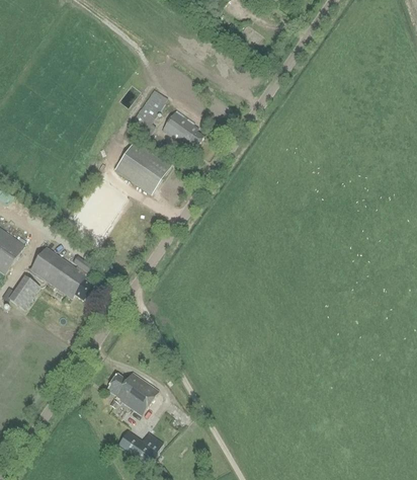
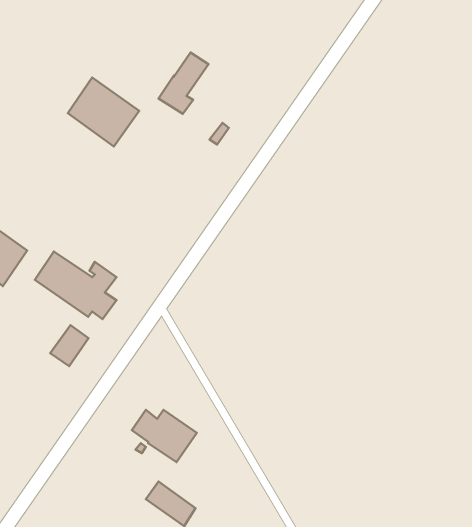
building: [162,109,204,152] -> none
building: [114,140,171,194] -> [68,78,139,146]
building: [7,275,37,308] -> [50,325,88,366]

